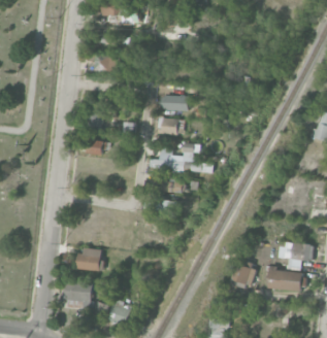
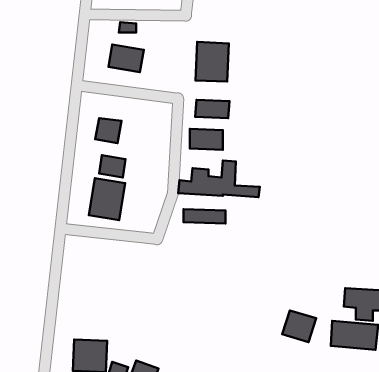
building: none -> [195,42,229,81]
building: none -> [89,178,125,220]
building: [77,247,101,272] -> none

